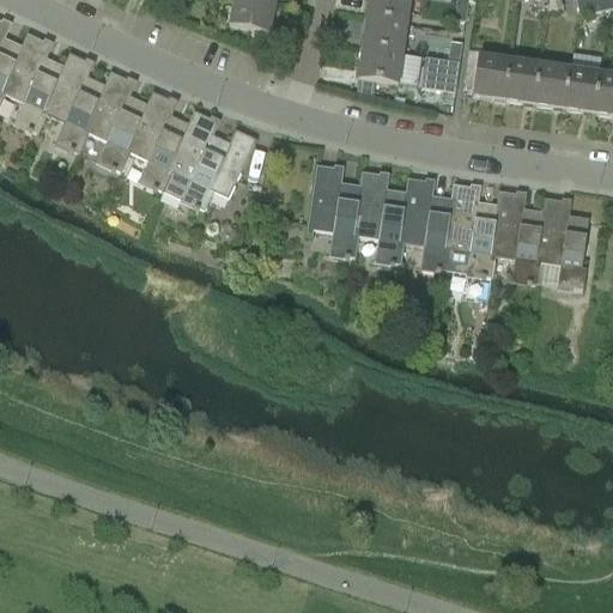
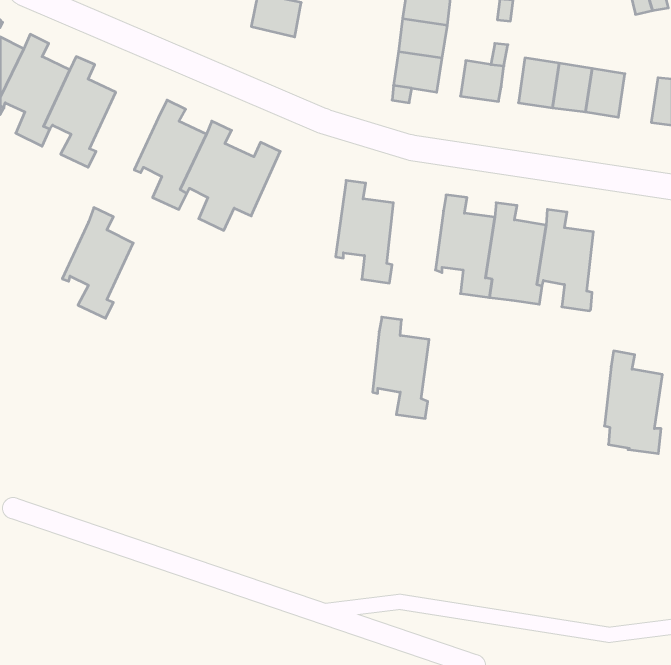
building: [564,67,600,111] -> none
building: [83,71,147,171] -> [62,208,133,318]
building: [353,171,405,263] -> [373,317,429,418]
building: [535,196,588,290] -> [604,351,662,454]

